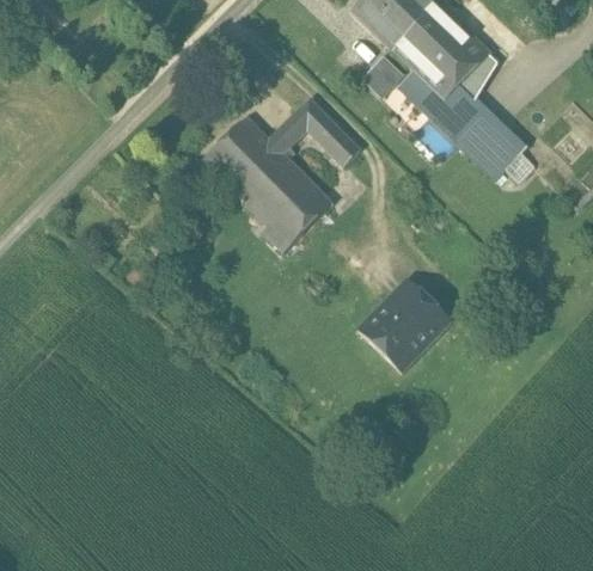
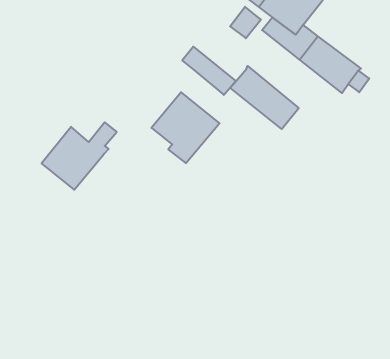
building: [202,115,306,199] -> [42,122,117,190]
building: none -> [230,66,299,129]
building: [356,278,451,373] -> none

